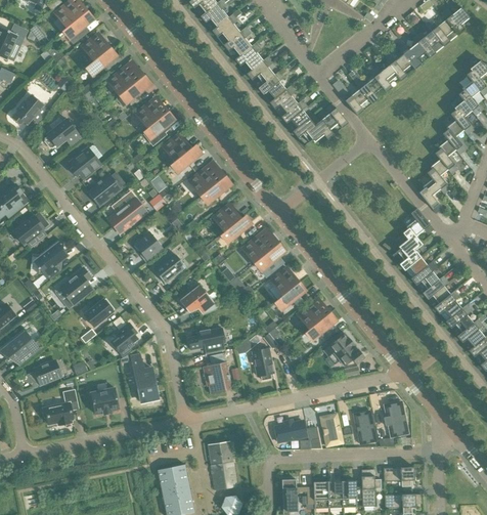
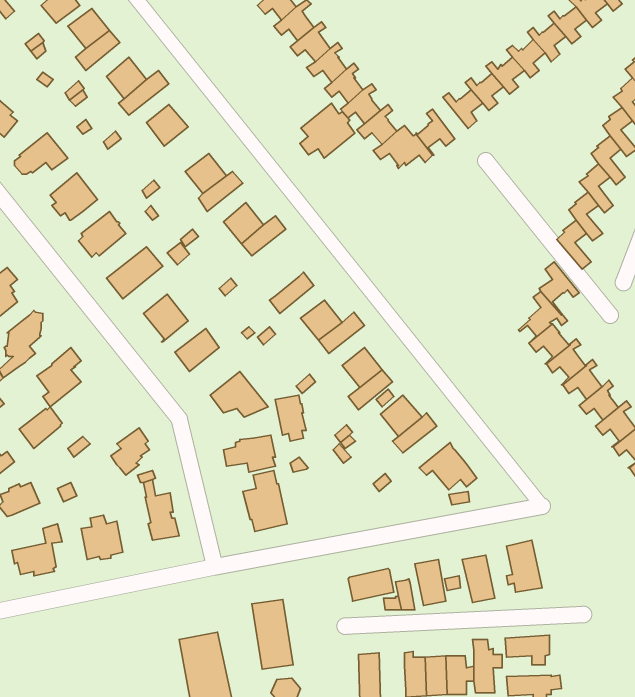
building: none -> [300,103,355,158]
building: [143,112,174,144] -> none
building: [209,203,240,231] -> none
building: [84,298,114,327] -> [19,407,62,448]
building: [252,348,273,380] -> [275,395,306,441]

